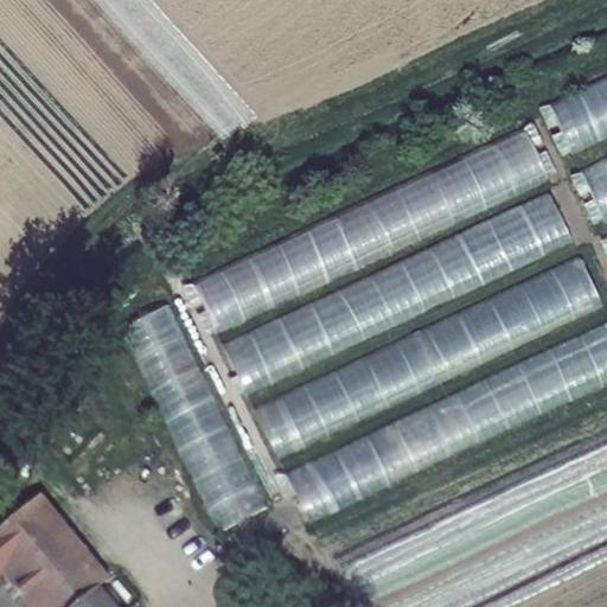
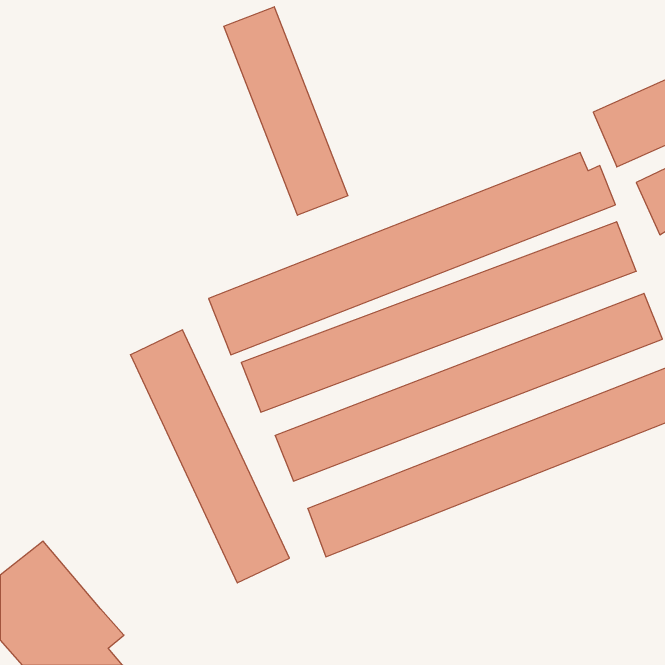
building: none -> [224,7,348,215]

